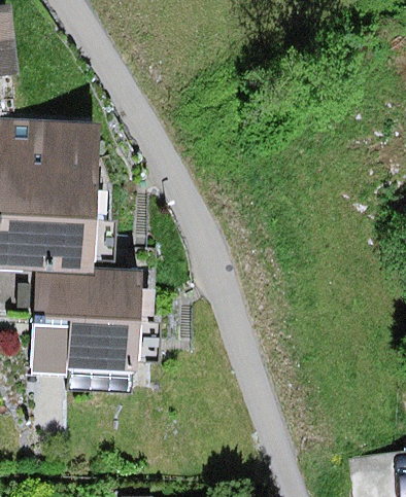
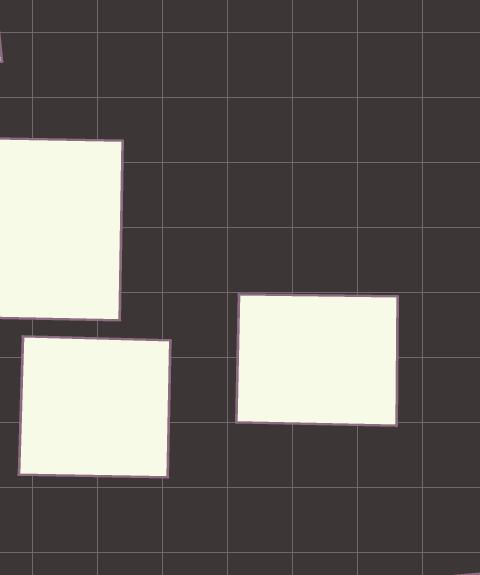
building: none -> [237,294,398,426]

